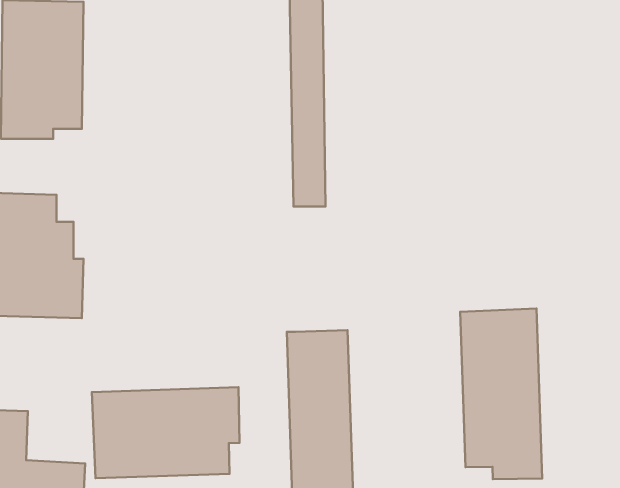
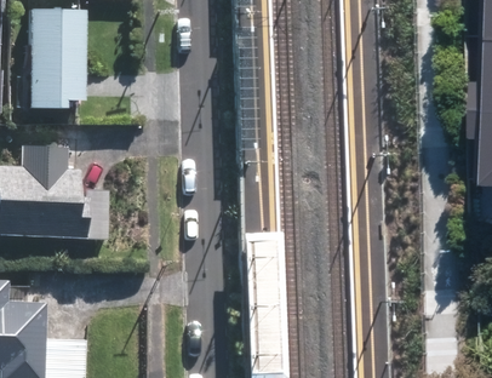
building: [460,309,542,479] -> none
building: [92,387,240,478] -> none

